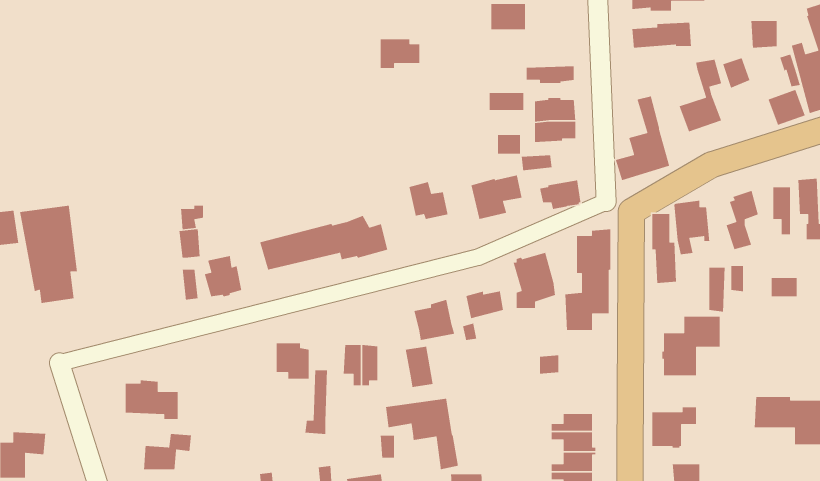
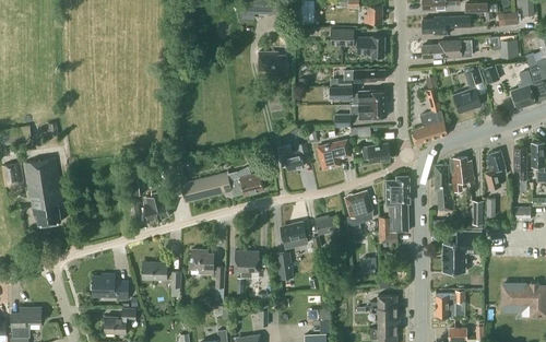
building: none -> [353,36,383,57]
building: none -> [142,262,179,286]
building: [385,398,459,470] -> none

